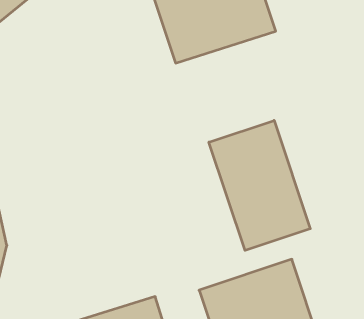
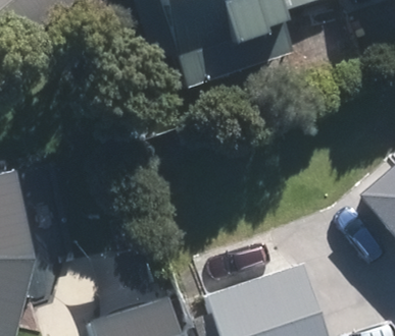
building: [209,120,310,250] -> none

